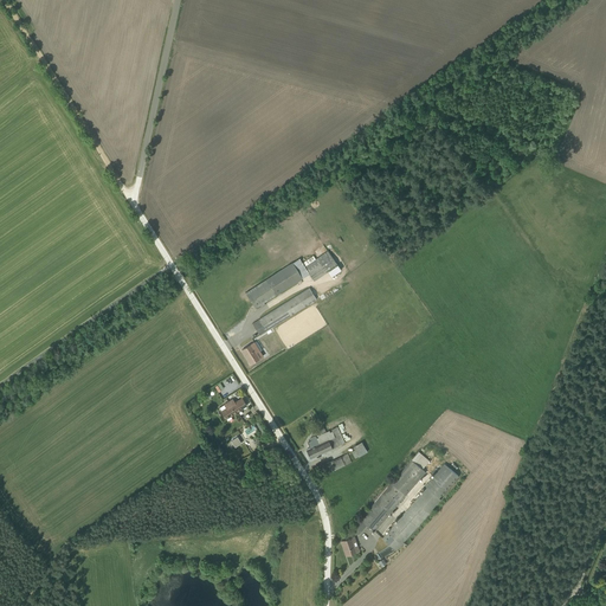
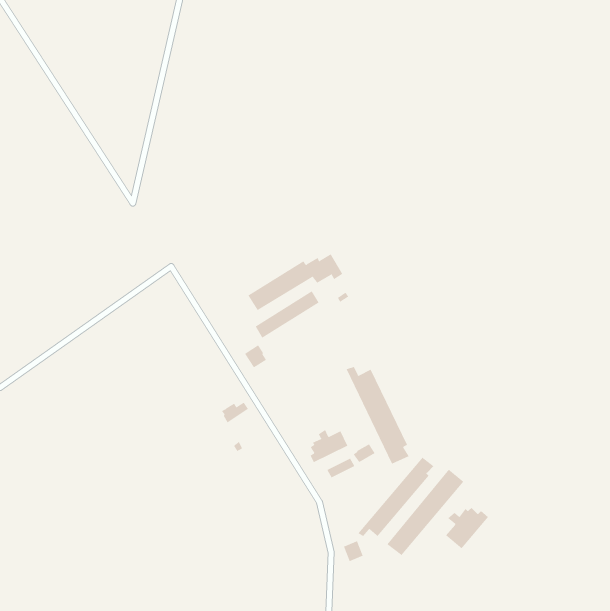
building: none -> [346,366,410,465]
building: none -> [445,507,489,549]

